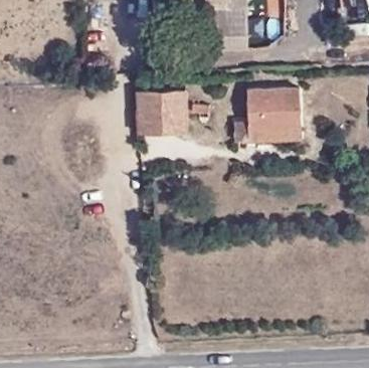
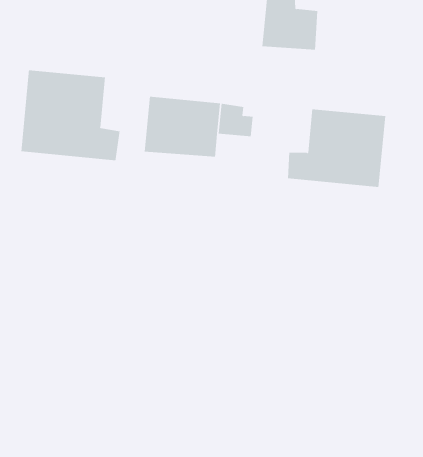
building: none -> [21,70,120,161]

